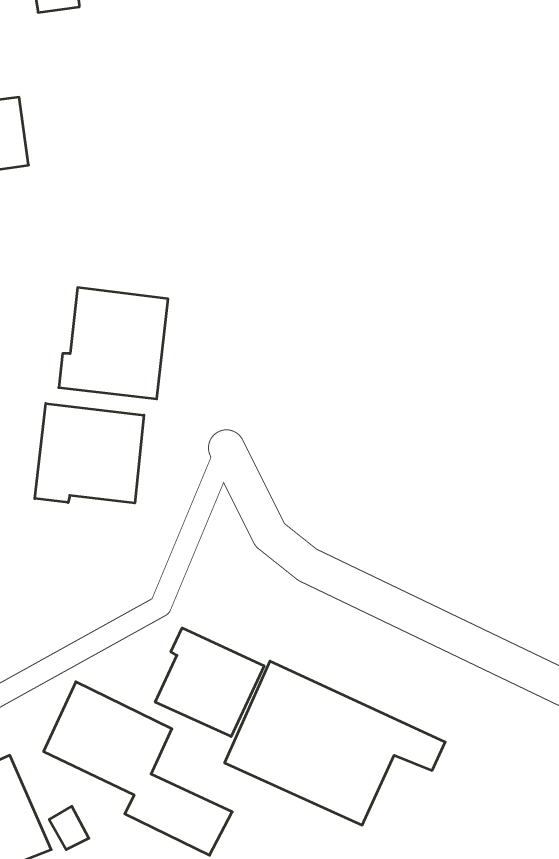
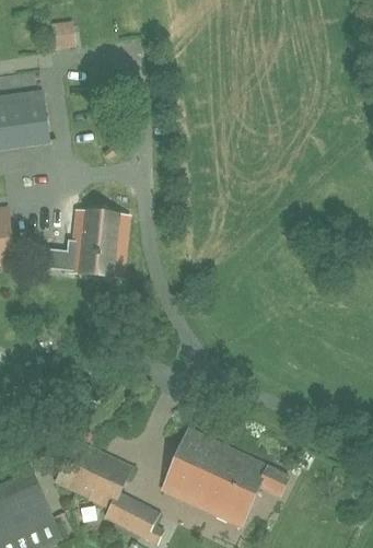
building: [35,403,144,503] -> none
building: [155,628,264,737] -> none

